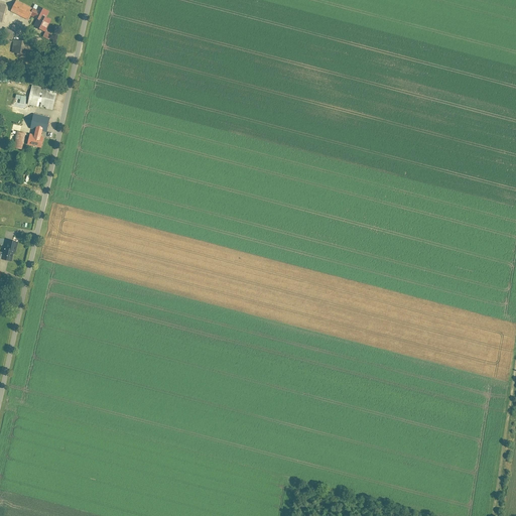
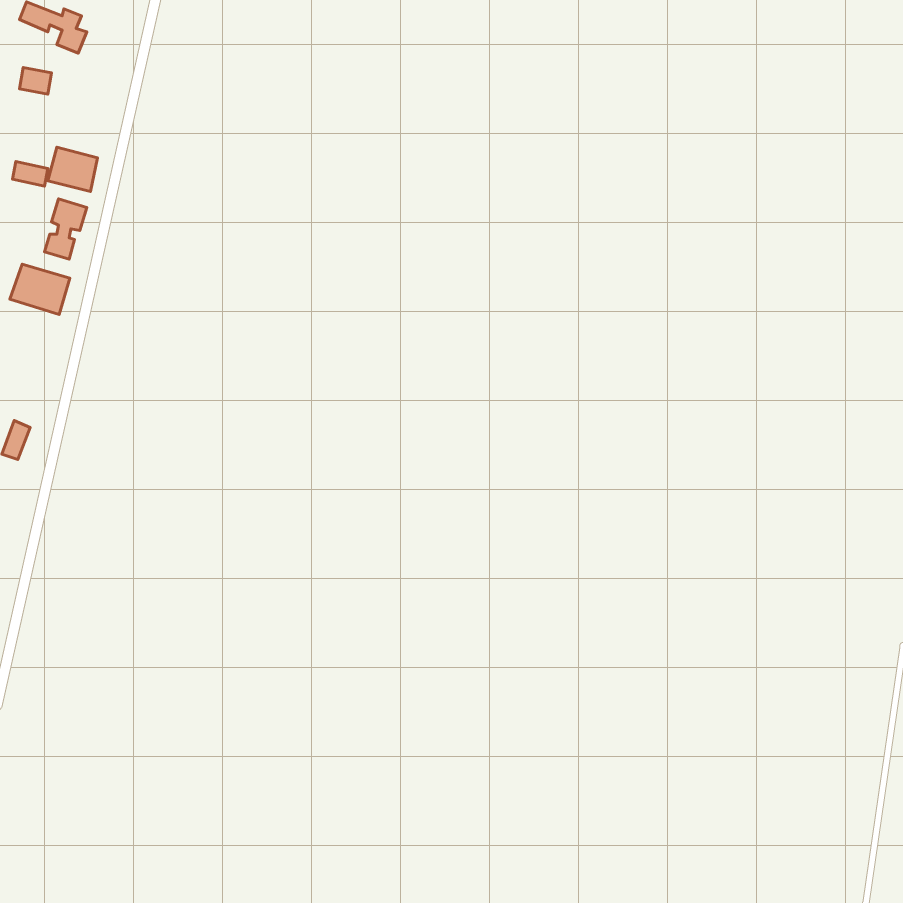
building: none -> [10,264,70,315]

